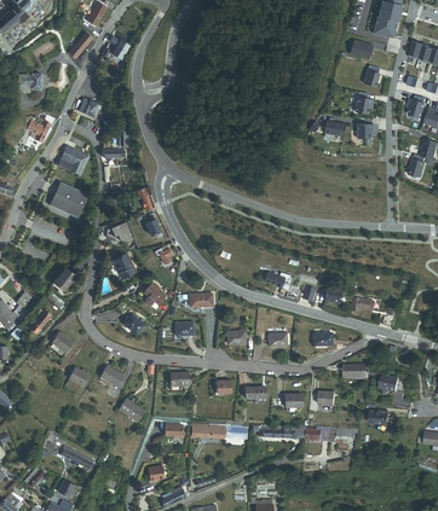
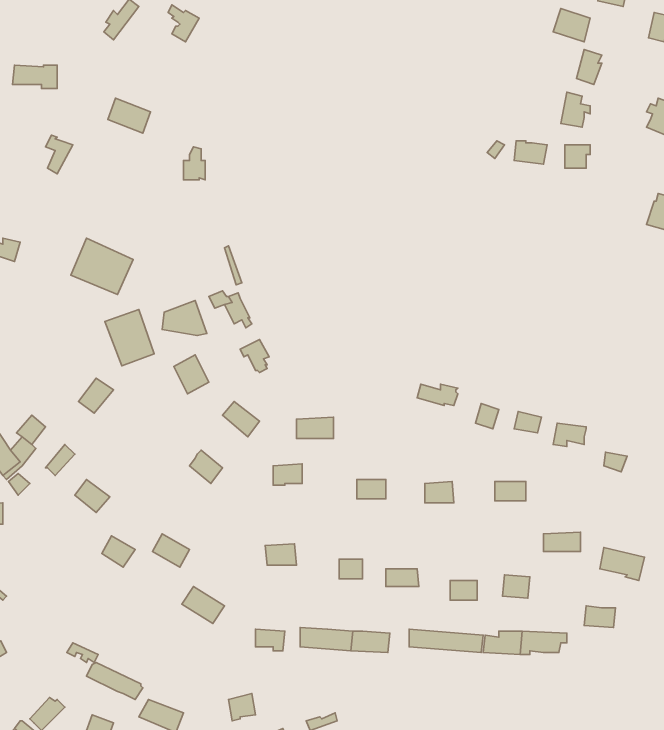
building: [57,145,88,174] -> none
building: none -> [105,309,154,366]

